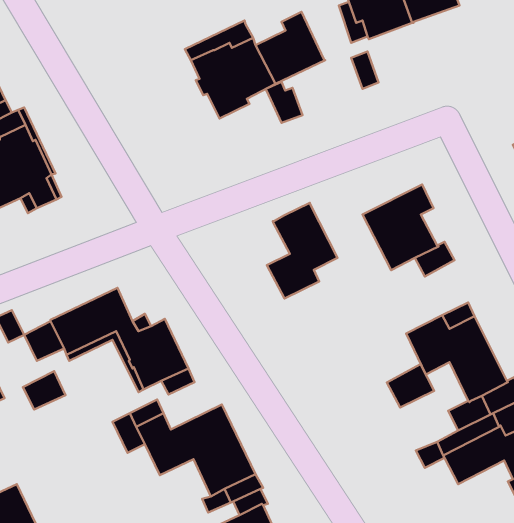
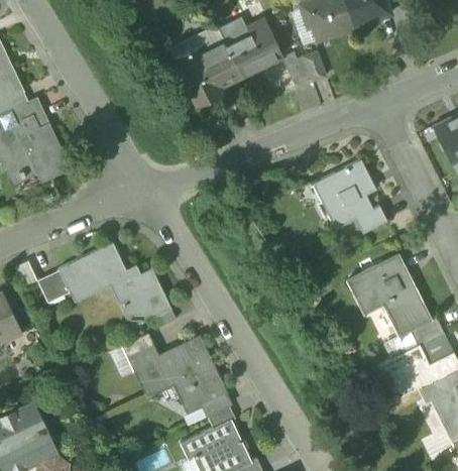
building: none -> [218,17,250,46]
building: [265,82,303,123] -> [281,51,312,85]
building: [267,203,337,299] -> none
building: [387,364,434,408] -> none
building: [23,371,66,410] -> none

